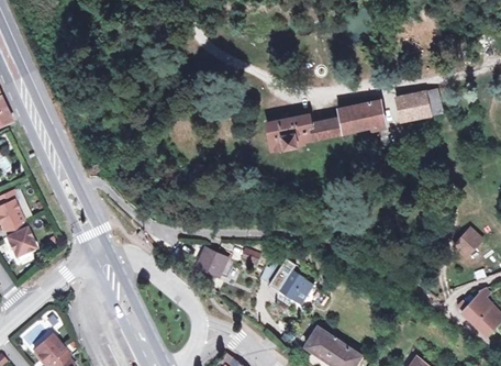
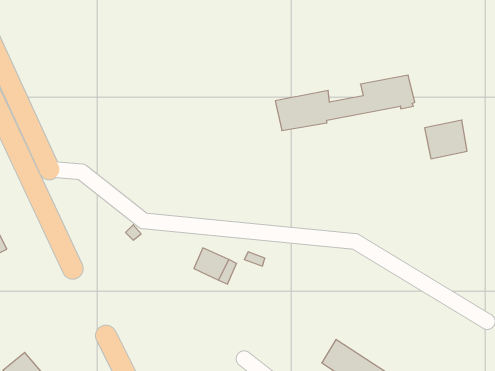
building: [394,89,431,122] -> [425,120,467,159]
building: [268,265,311,300] -> none

